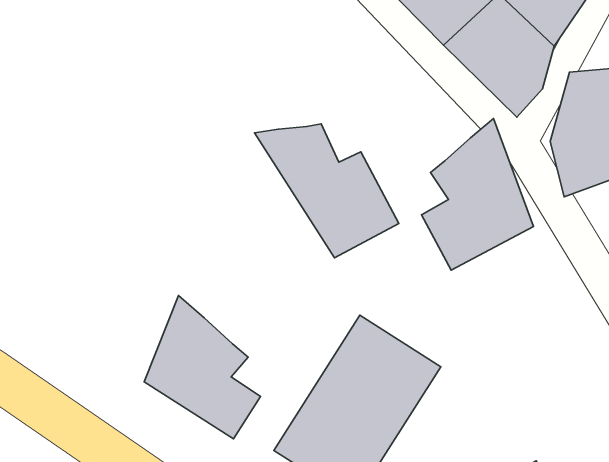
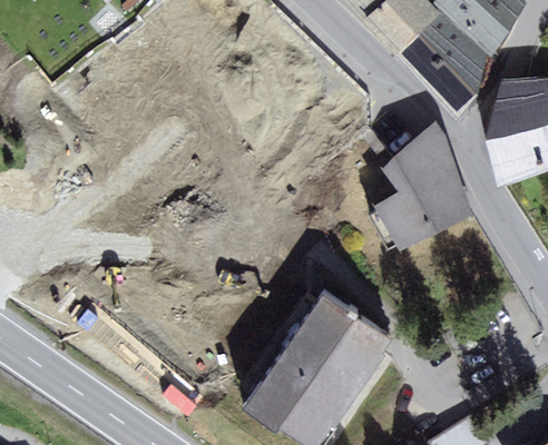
building: [254,124,399,258] -> none
building: [144,296,260,439] -> none

